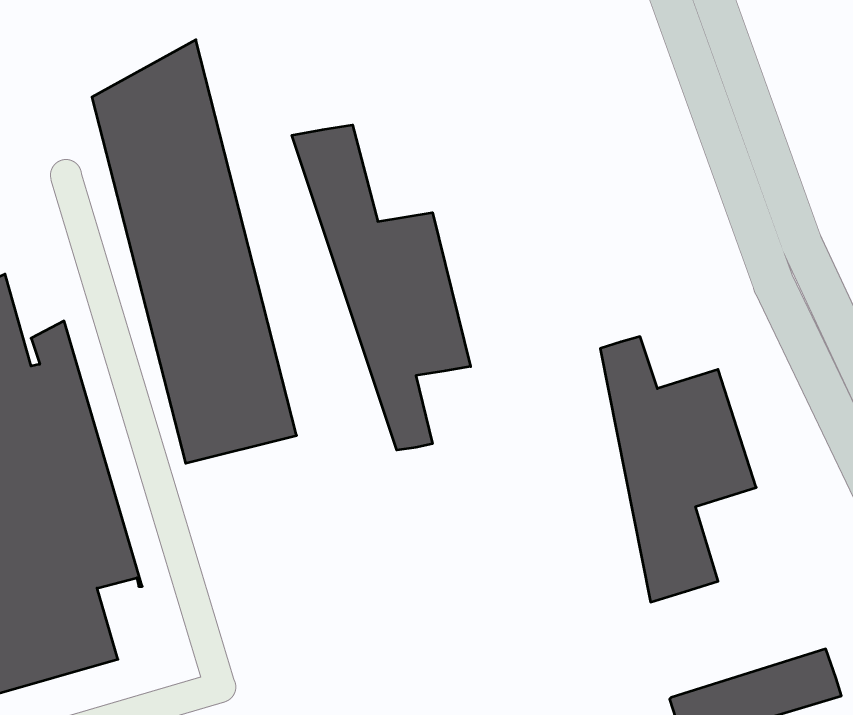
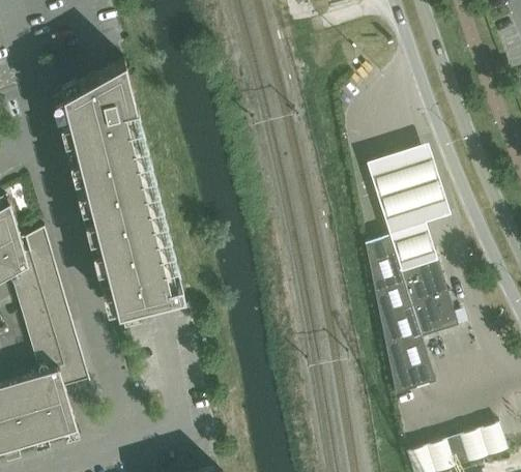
building: [292,125,471,450] -> none
building: none -> [364,144,447,269]

